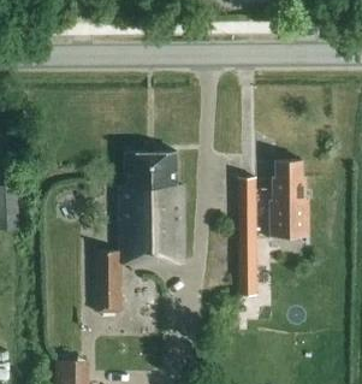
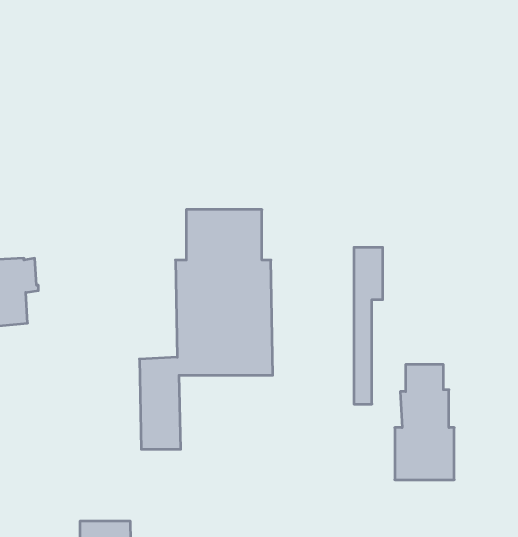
building: [269,160,309,237] -> [395,365,454,480]

